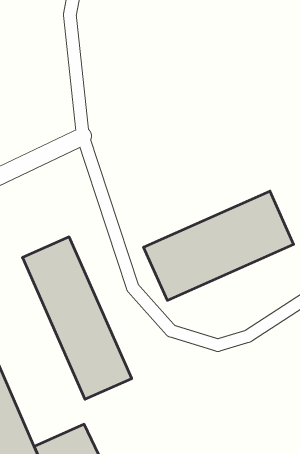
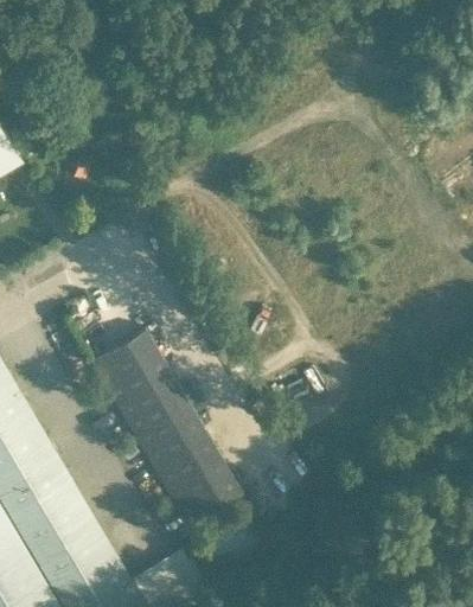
building: [144,191,294,300] -> none

